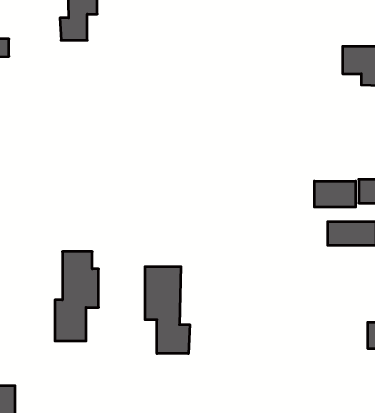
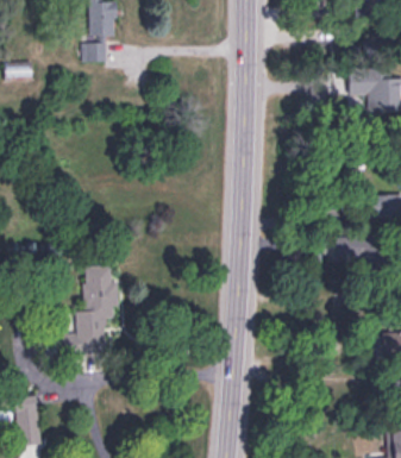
building: [314,181,356,207] -> none
building: [145,267,190,354] -> none

